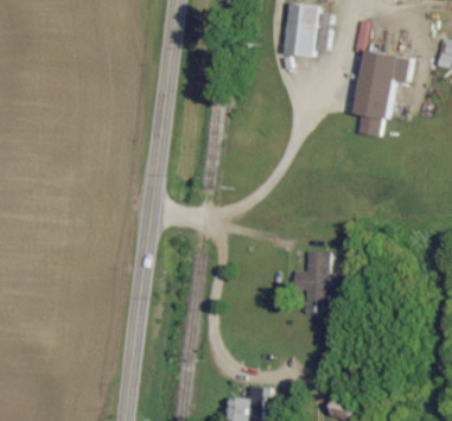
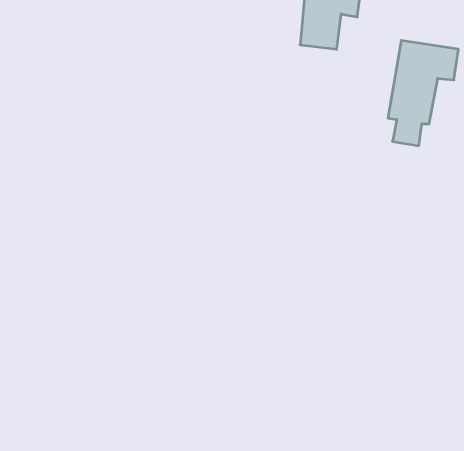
building: [294,251,346,300] -> none

